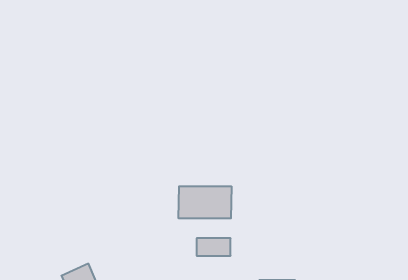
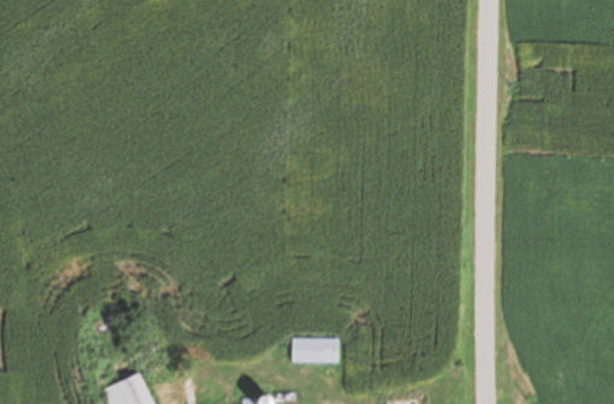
building: [179,186,231,218] -> none

